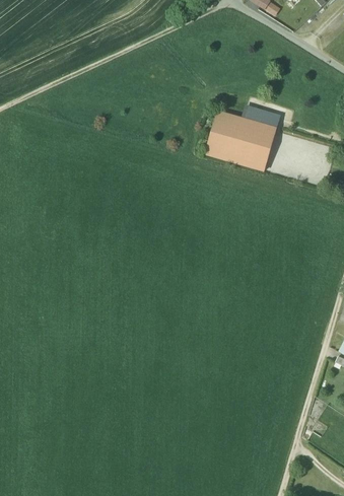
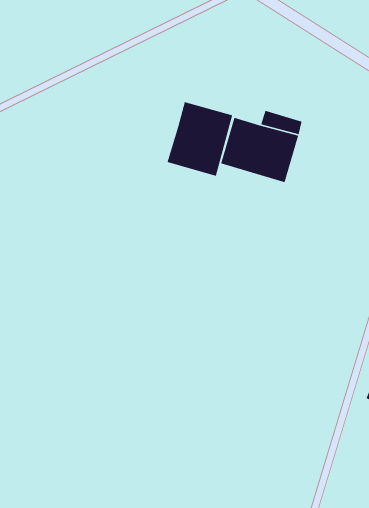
building: none -> [166,101,233,177]

